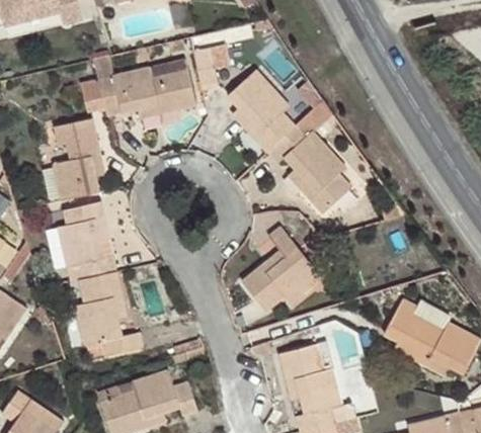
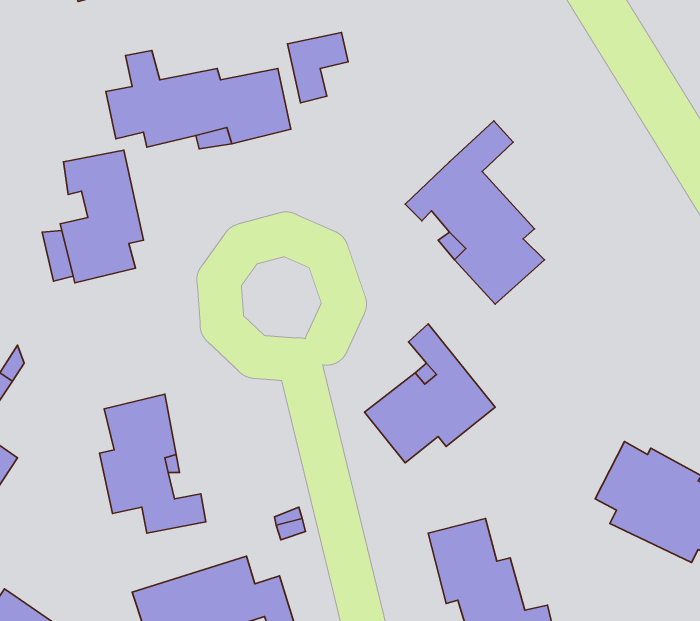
building: [228,69,294,152] -> none
building: [59,200,117,278] -> none

